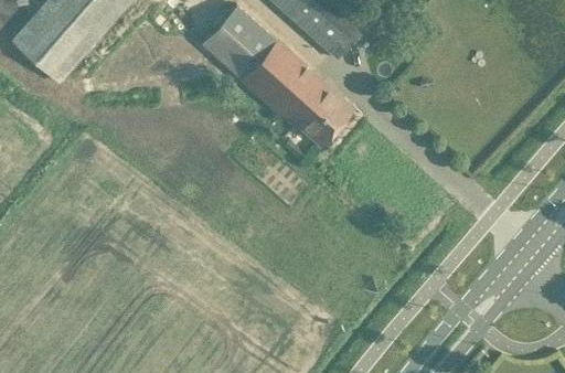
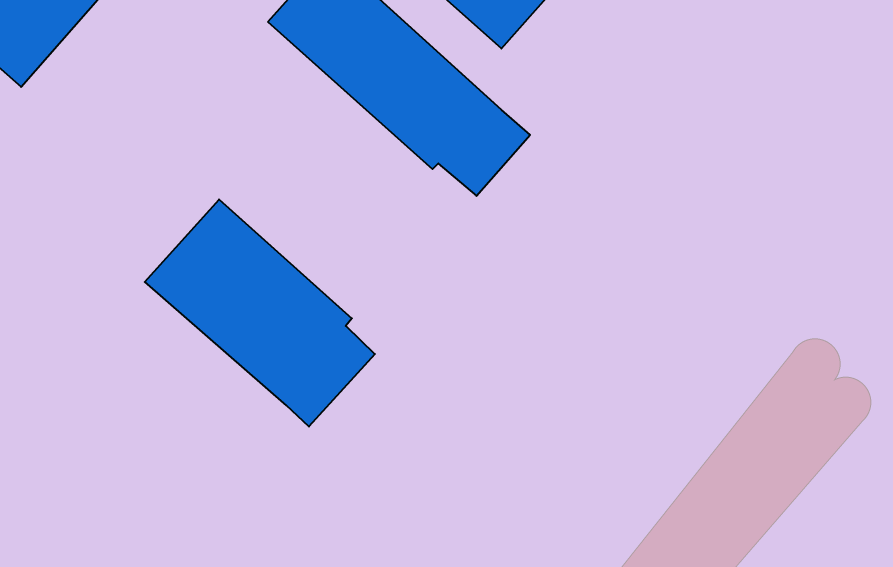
building: none -> [145,199,375,427]

